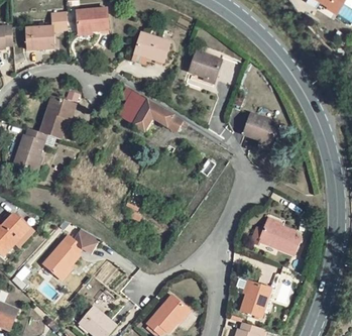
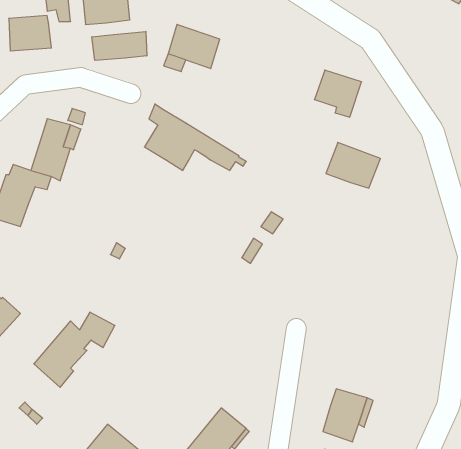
building: none -> [92,31,147,60]
building: [189,51,221,84] -> [314,70,362,117]
building: [250,221,301,255] -> none

